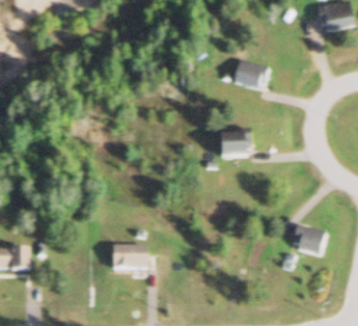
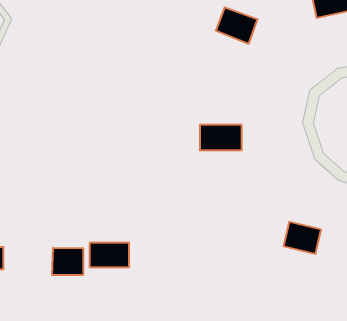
building: [230,58,270,92] -> [216,7,258,44]
building: none -> [52,248,83,275]

